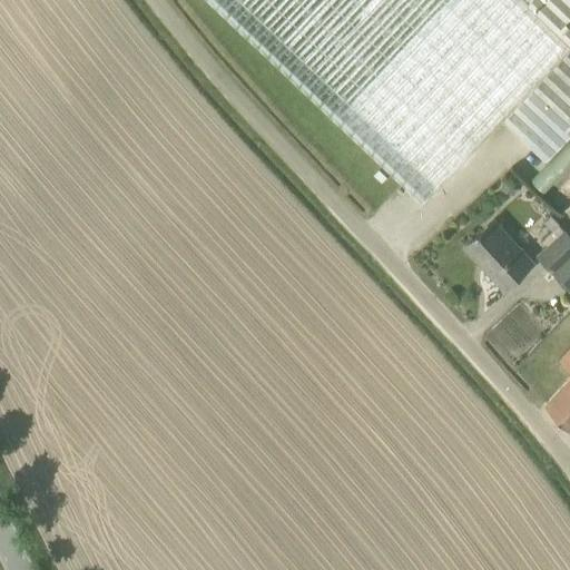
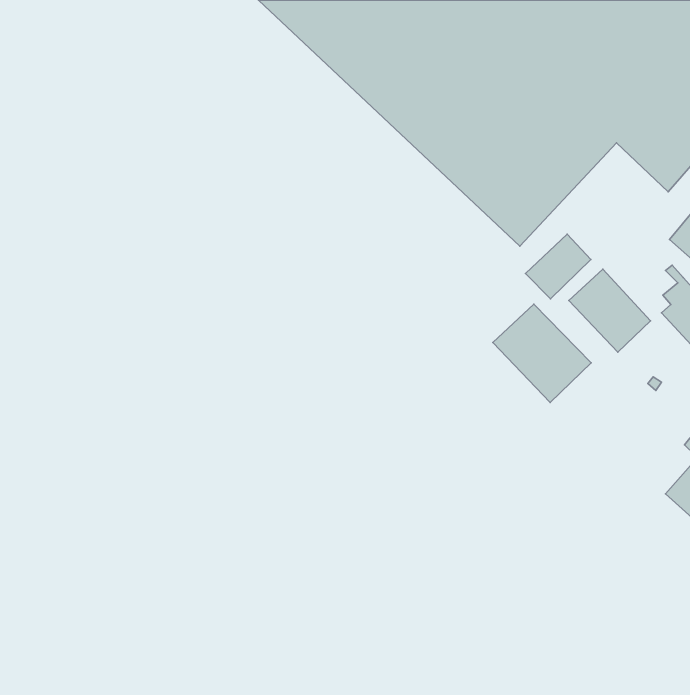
building: none -> [526,234,591,299]
building: none -> [493,304,591,403]

